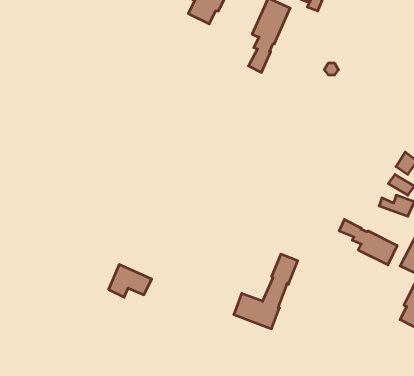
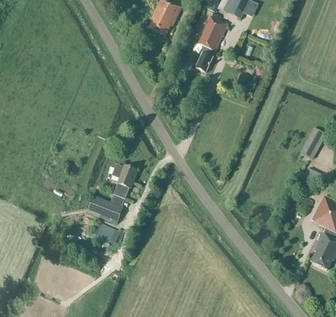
building: [339,219,397,265] -> none
building: [234,254,298,329] -> [88,165,137,222]

